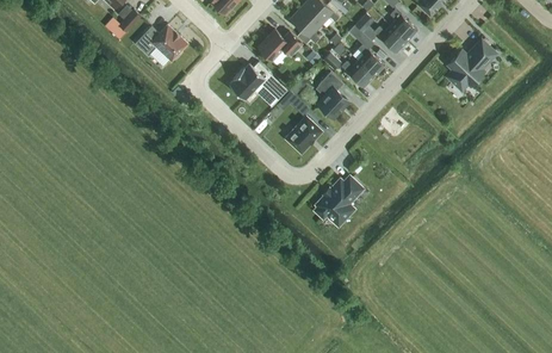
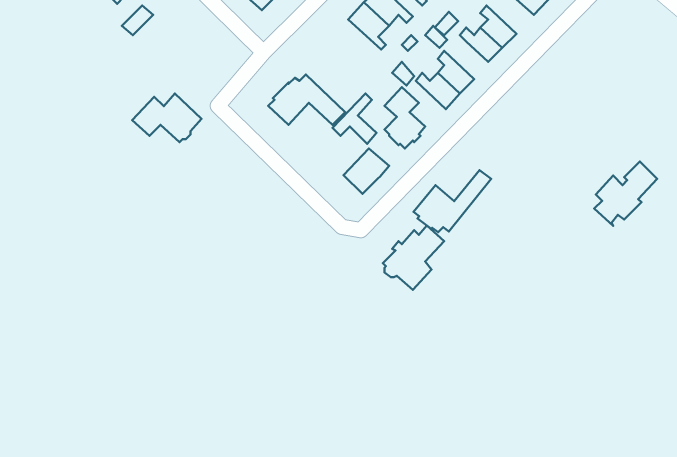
building: [135,23,187,60] -> [132,94,201,142]
building: [258,29,302,60] -> none
building: [447,39,495,88] -> [594,161,657,226]
building: none -> [413,170,491,232]

